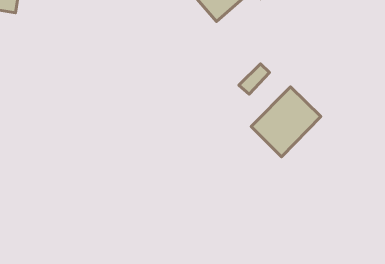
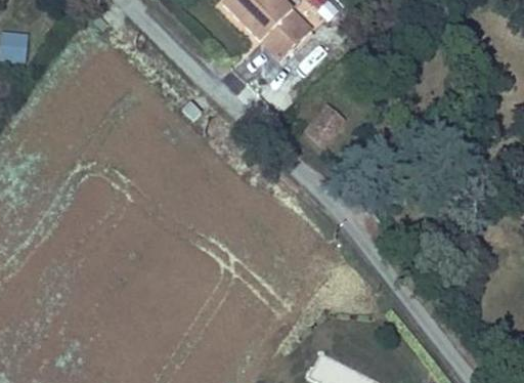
building: [251,87,321,157] -> none

